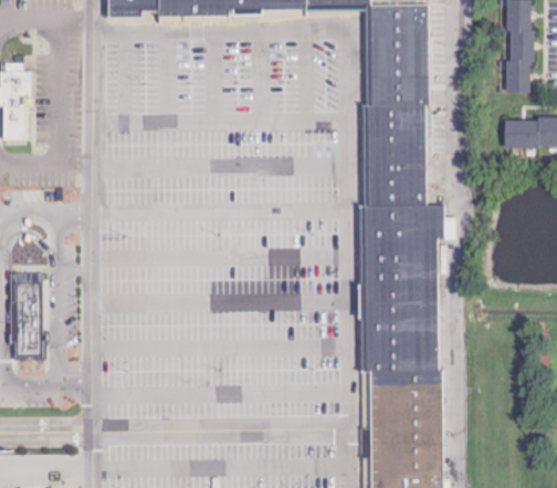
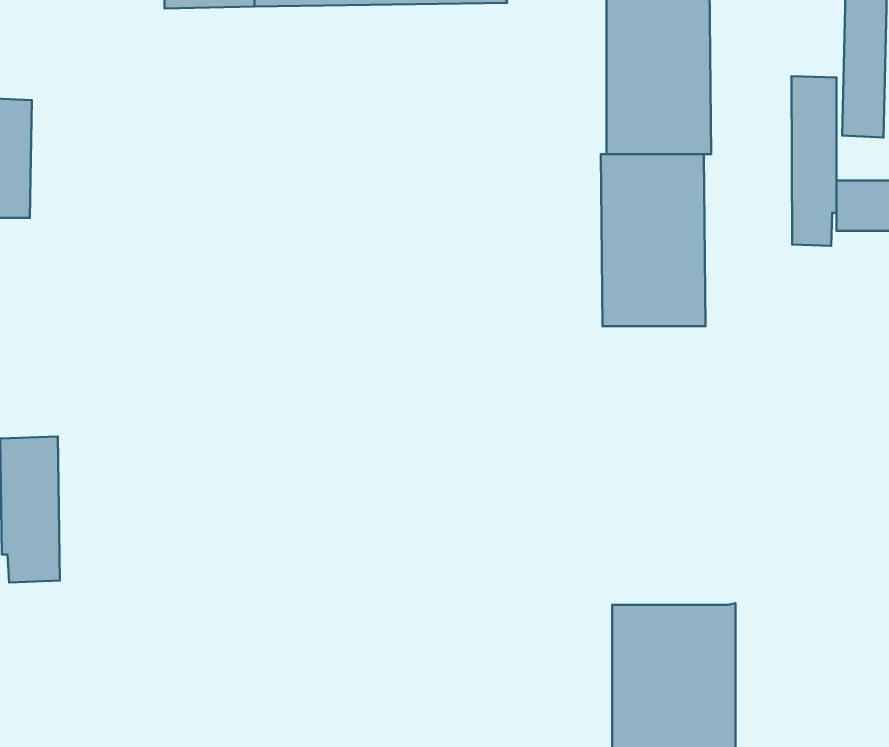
building: none -> [792,76,837,246]
building: [360,205,442,370] -> none

